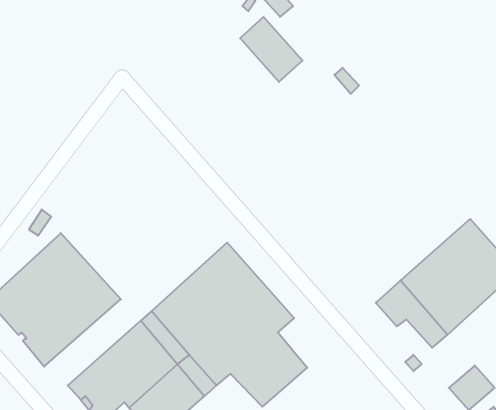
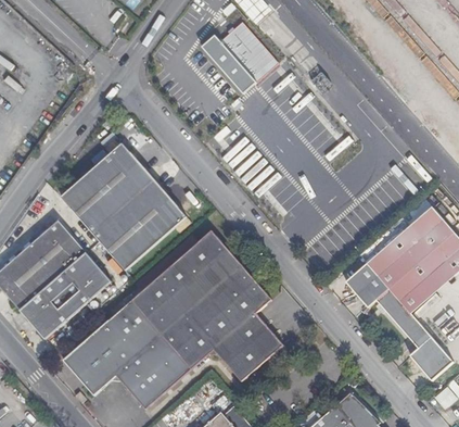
building: none -> [202,35,257,93]
building: none -> [62,143,187,272]
building: none -> [398,314,437,363]

